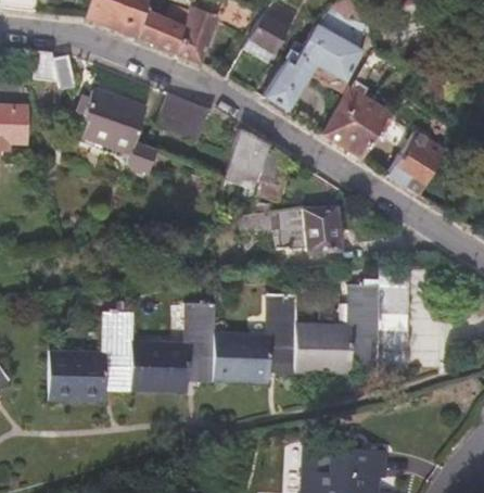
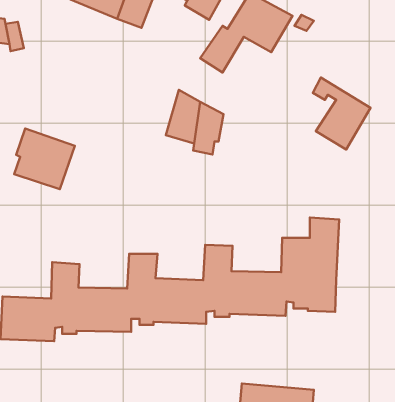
building: [81,88,147,153] -> [14,128,75,189]
building: [321,89,392,157] -> none
building: [156,92,206,139] -> none
building: [239,206,341,250] -> none

